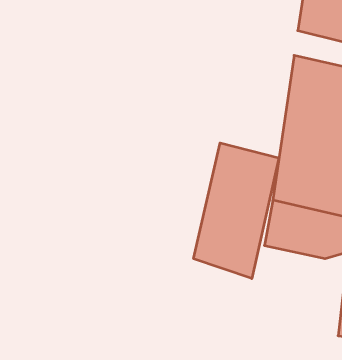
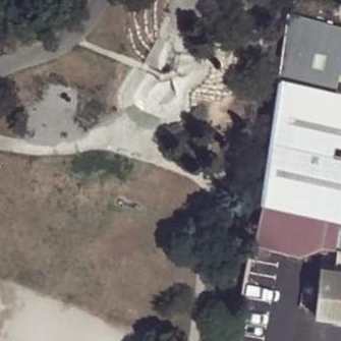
building: [194,143,279,279] -> none

